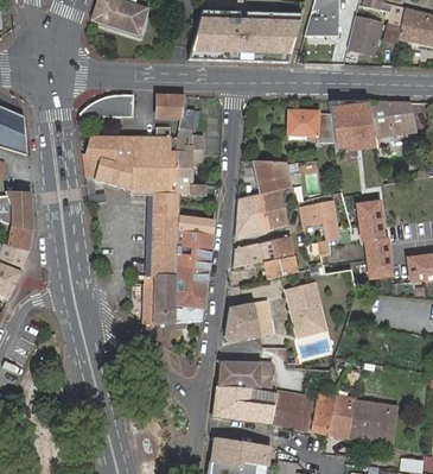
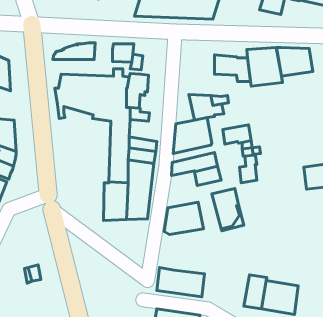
building: [355,197,391,277] -> none
building: [218,360,274,387] -> none
building: [273,390,335,434] -> none

